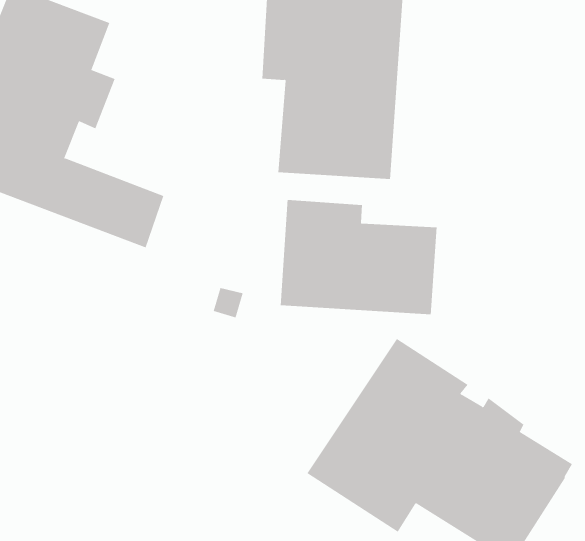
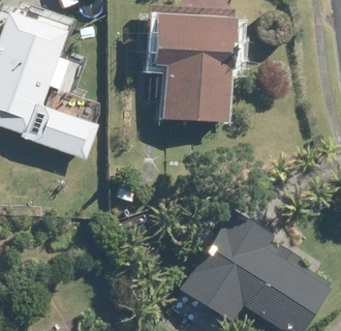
building: [280,199,437,315] -> none

